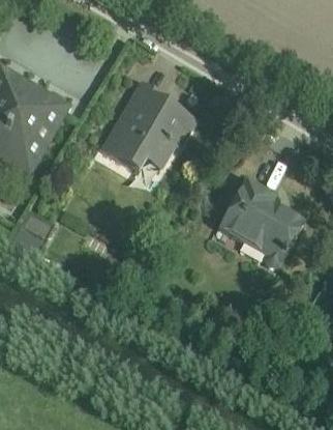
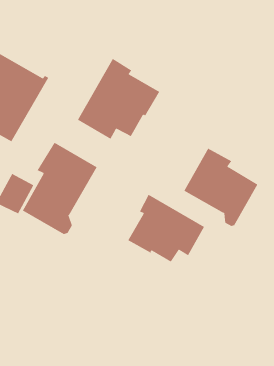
building: none -> [22,142,98,235]
building: none -> [128,194,205,263]

